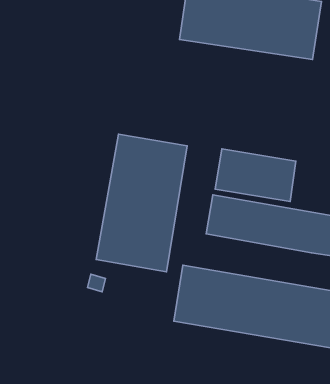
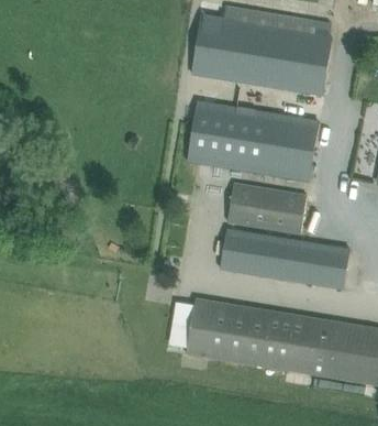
building: none -> [188,102,319,181]
building: [96,134,187,272] -> none

